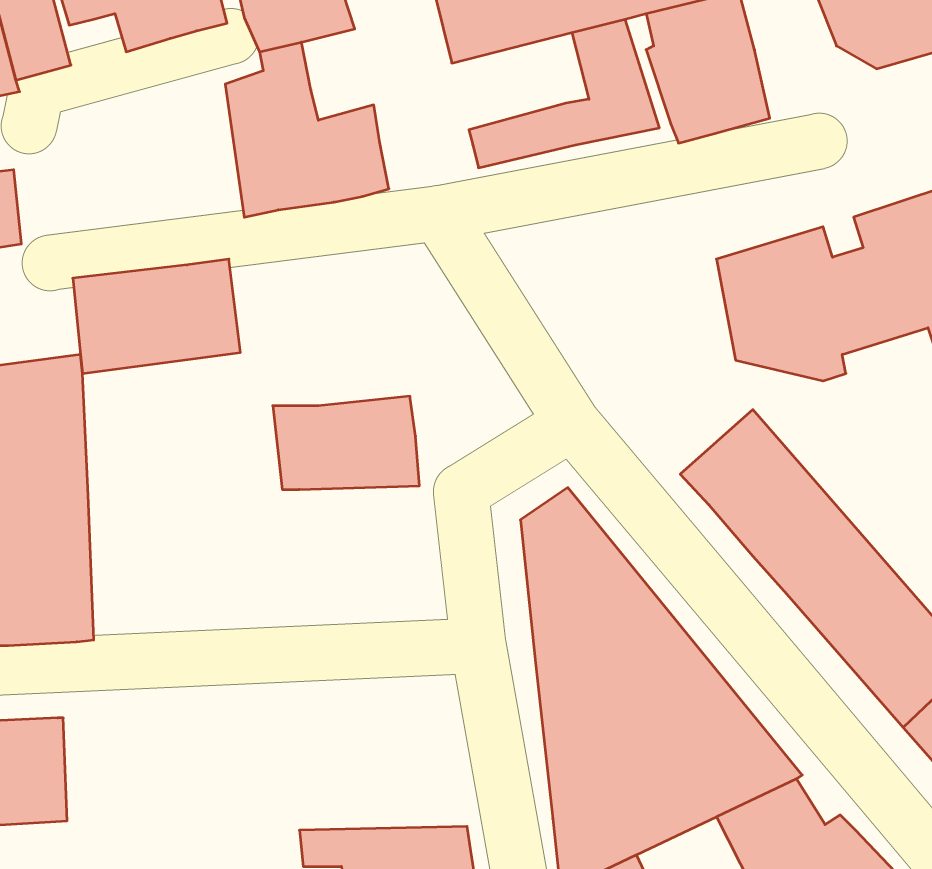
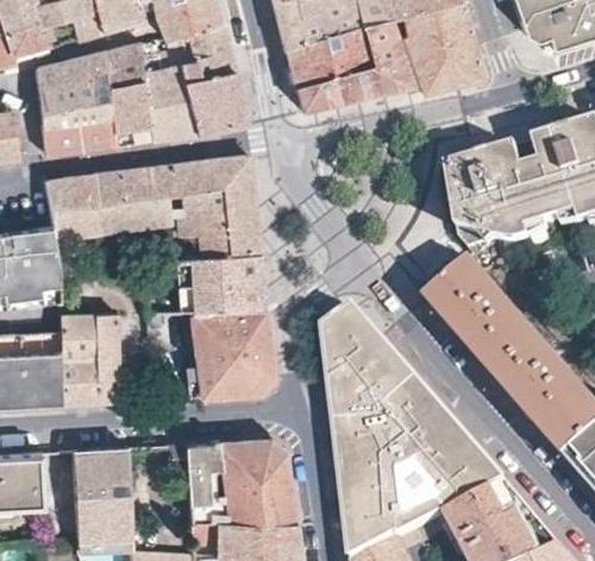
building: none -> [192,23,237,80]
building: none -> [286,25,371,86]
building: none -> [36,42,156,155]
building: none -> [146,153,259,258]
building: none -> [190,308,274,397]
building: none -> [58,313,120,404]
building: none -> [184,440,295,523]
building: none -> [73,448,132,541]

